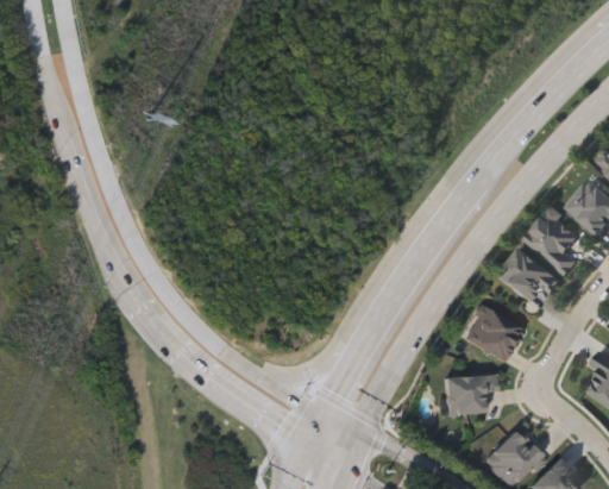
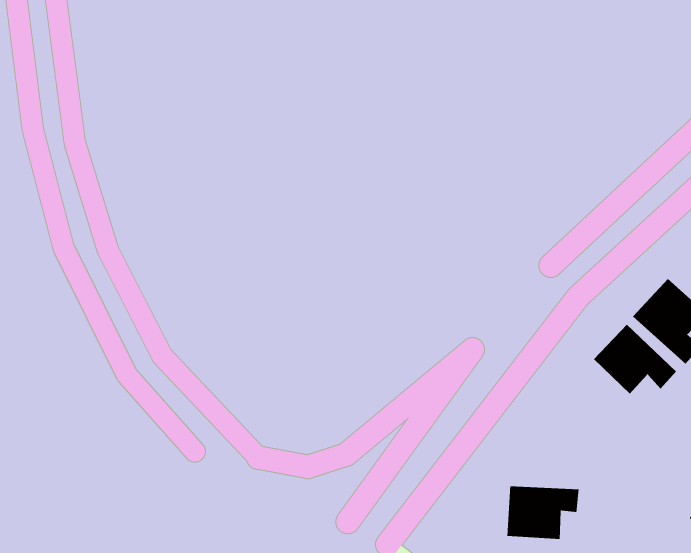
building: [464,305,525,361] -> none

